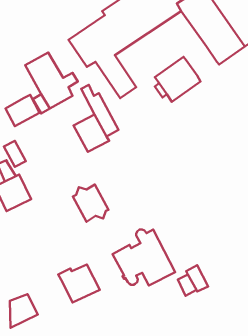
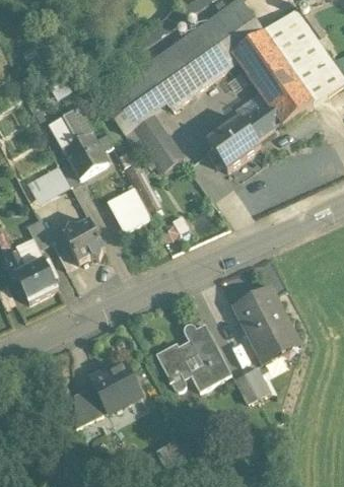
building: none -> [244,105,280,139]
building: [73,185,108,222] -> [62,217,105,262]
building: none -> [229,284,301,365]
building: [10,294,38,328] -> [74,387,108,427]

